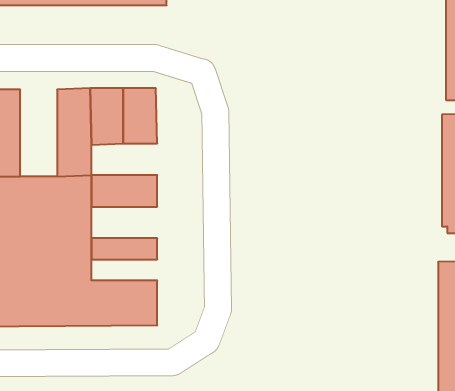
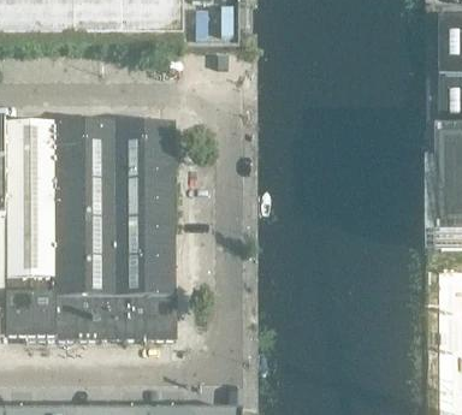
building: none -> [51,119,84,198]
building: none -> [116,168,176,197]
building: none -> [116,226,176,255]
building: none -> [116,274,176,294]

